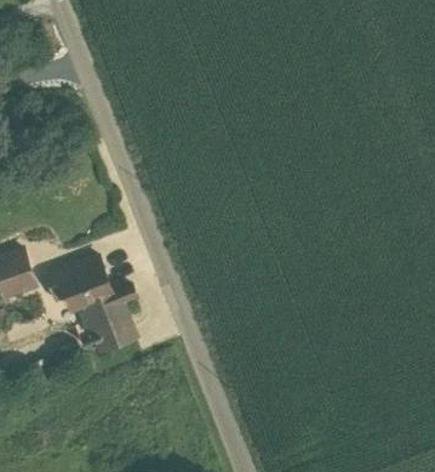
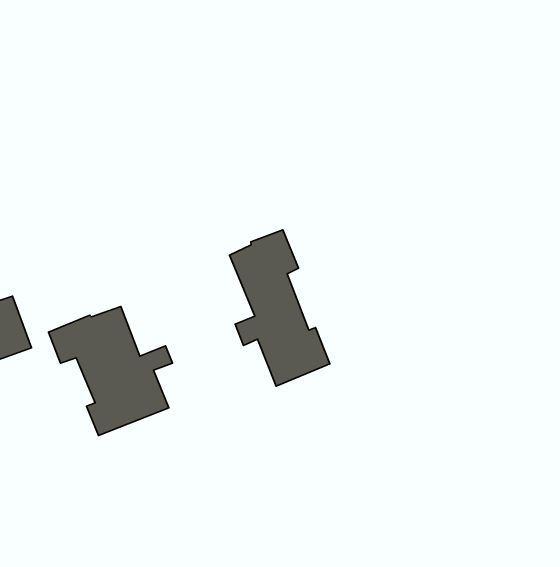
building: none -> [230,230,330,386]

